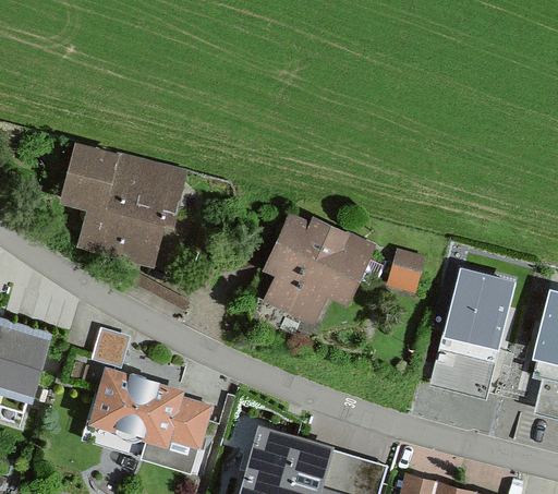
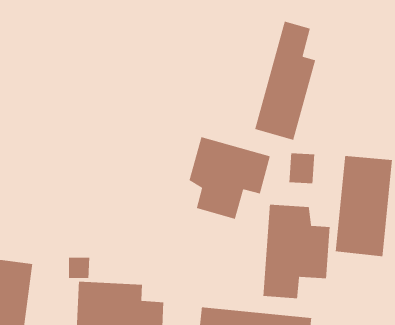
building: none -> [254,21,316,141]
building: [65,157,187,273] -> none
building: none -> [263,204,330,299]

